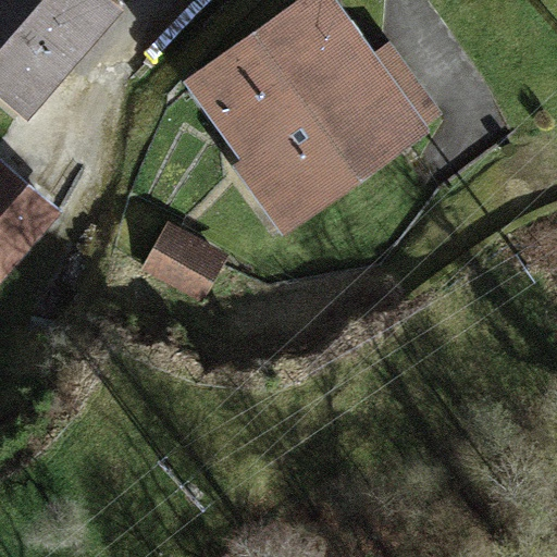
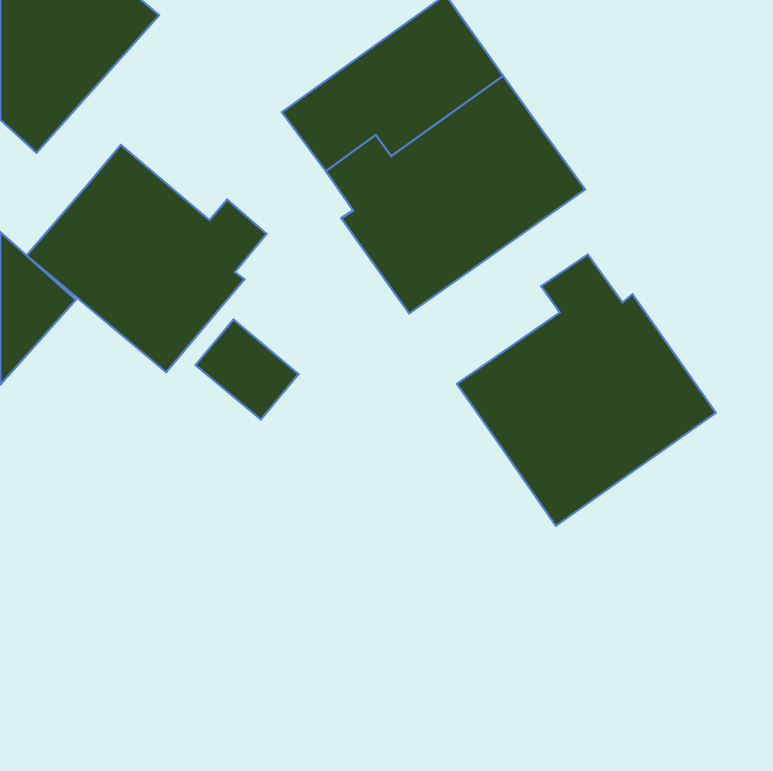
building: none -> [27,145,267,372]
building: none -> [457,254,716,526]

